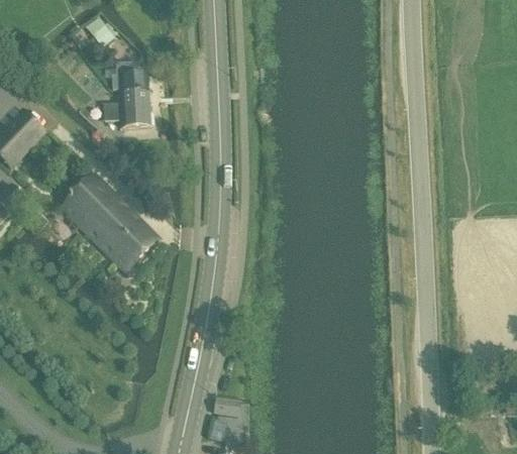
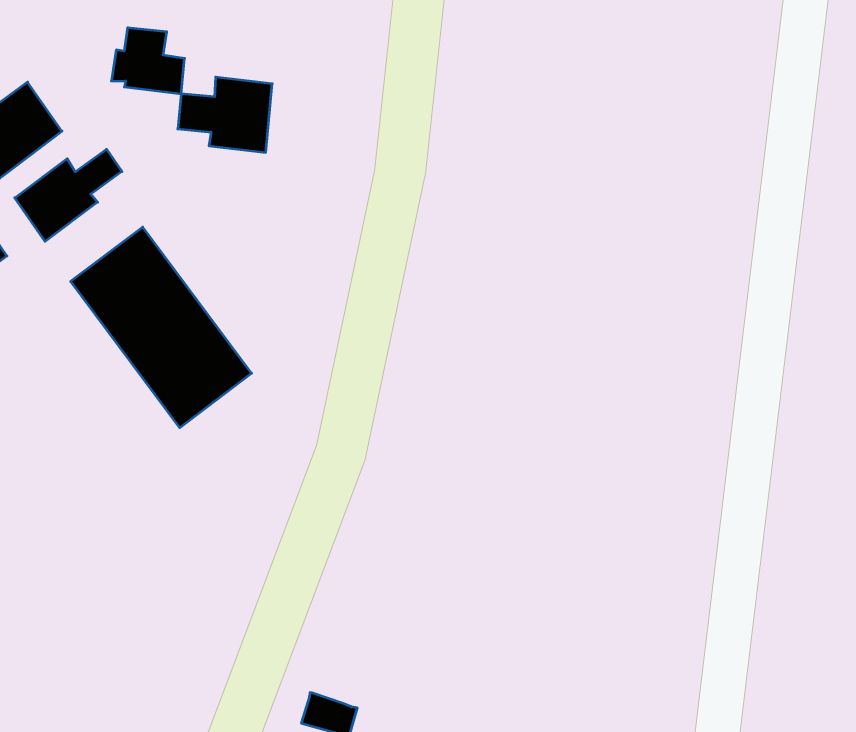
building: [110,60,146,91] -> [111,28,185,94]
building: none -> [15,149,122,241]

